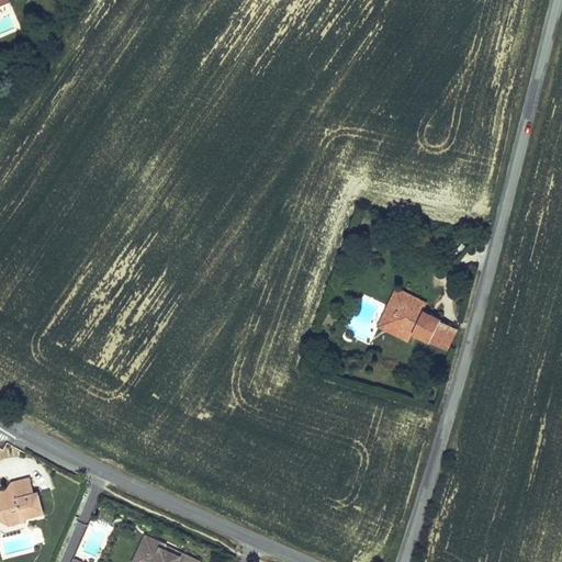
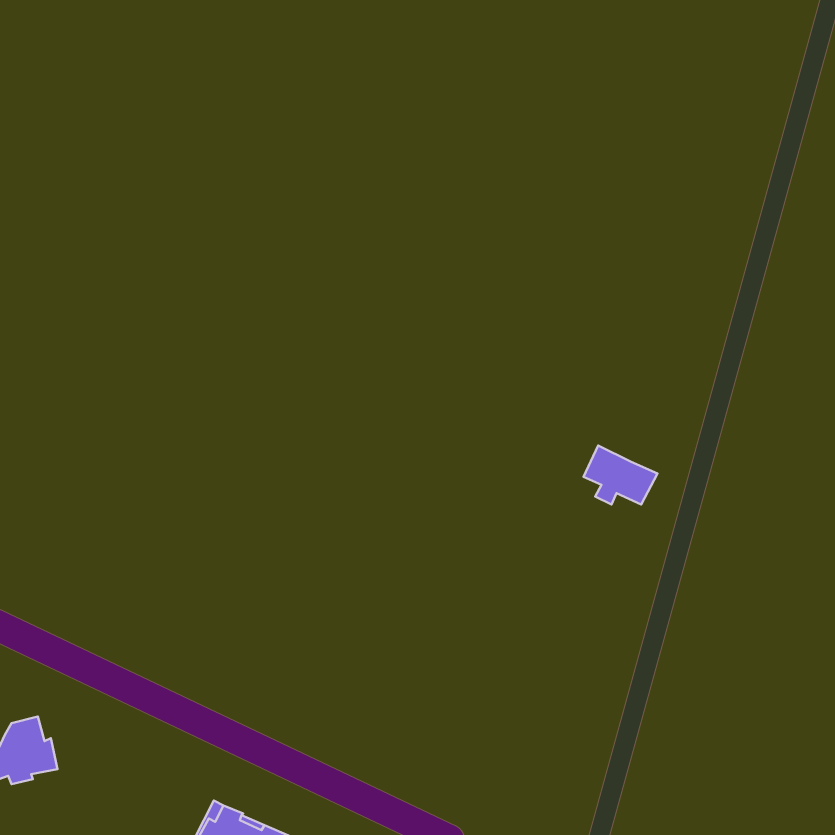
building: [378,289,426,335] -> none
building: [428,319,456,348] -> none

